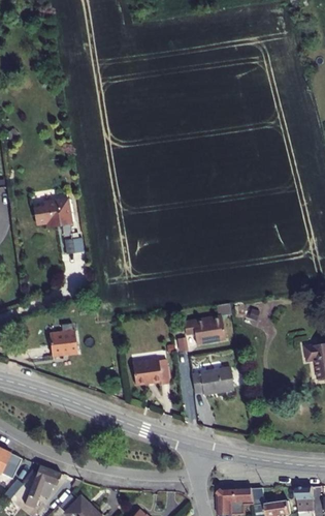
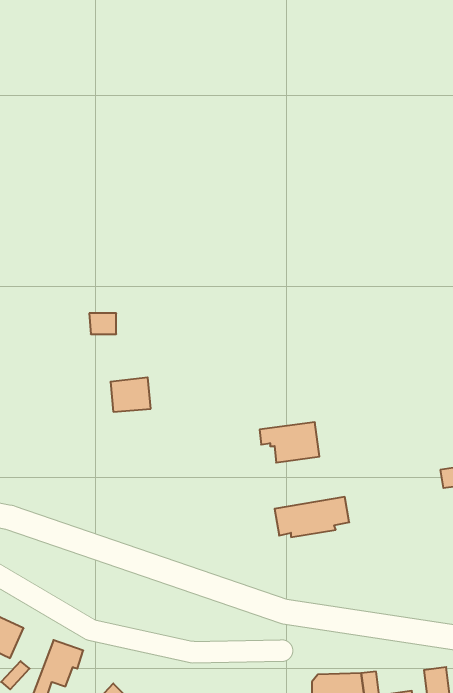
building: [35,199,72,226] -> none
building: [50,331,77,355] -> [110,377,151,412]
building: [134,360,171,386] -> none

